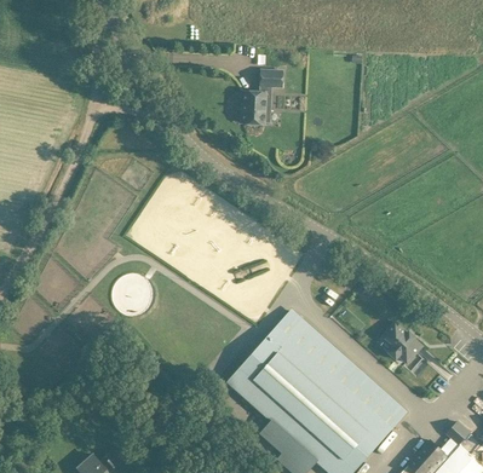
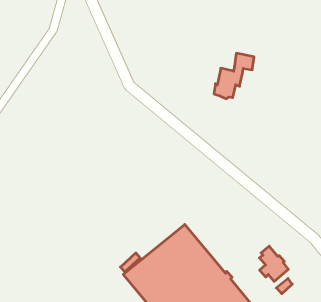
building: [241,70,282,126] -> [214,53,254,99]

